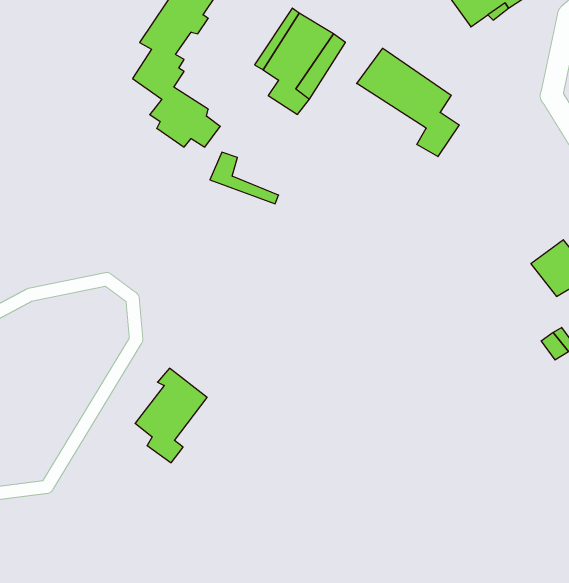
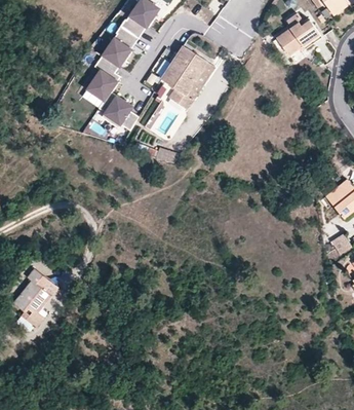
building: [357,48,459,157] -> none
building: [135,368,207,463] -> [13,268,56,325]

